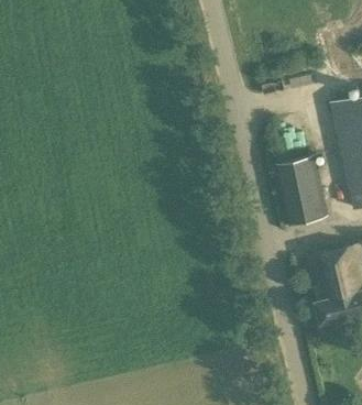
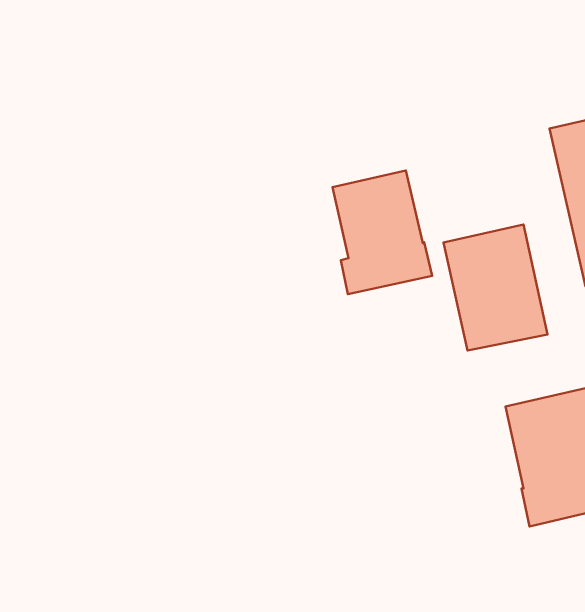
building: none -> [332,170,432,294]

